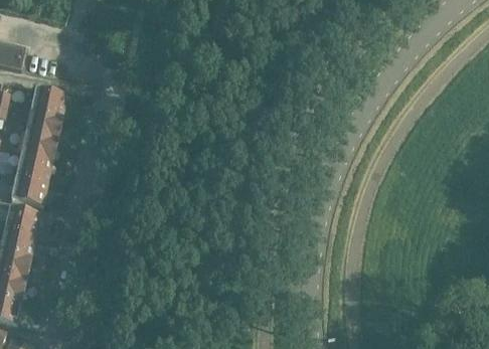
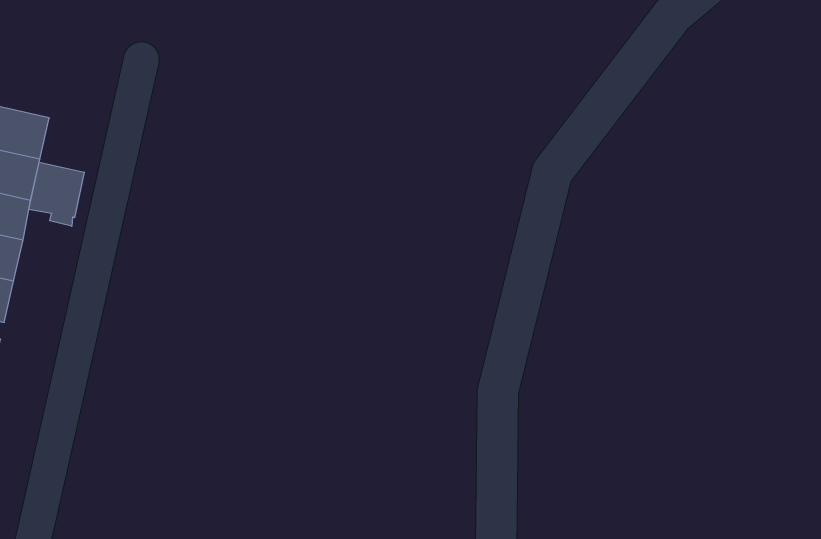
building: none -> [29,162,84,226]

